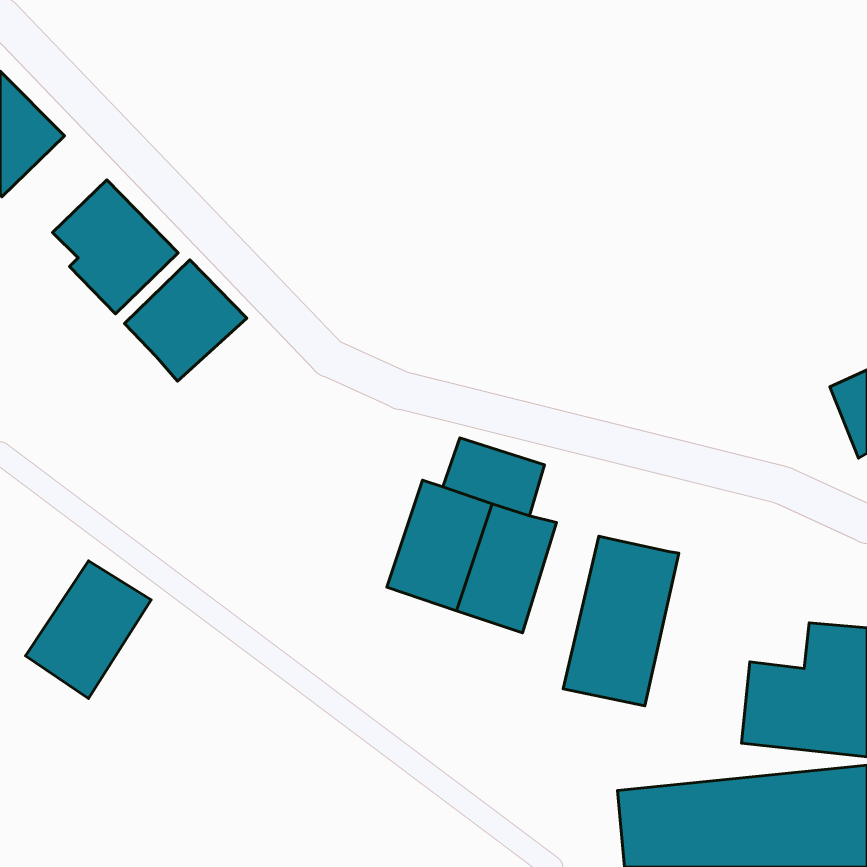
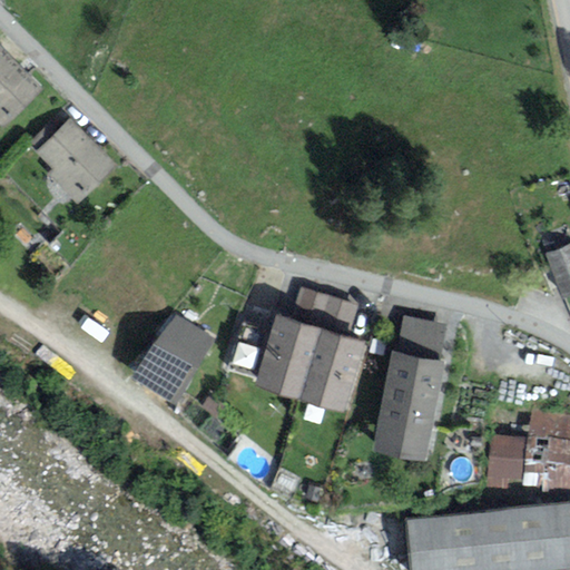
building: [125,260,247,381] -> none
building: none -> [397,316,445,362]
building: [26,561,151,698] -> [132,314,215,404]

